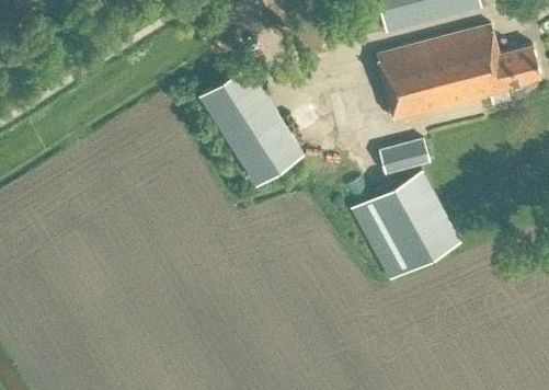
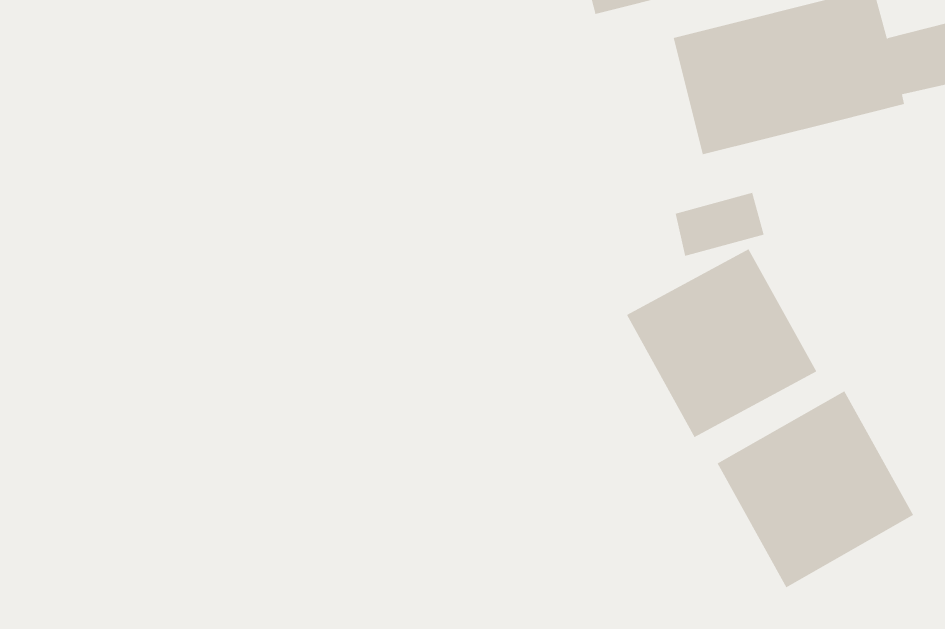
building: [201,66,302,183] -> none
building: none -> [717,390,914,588]

